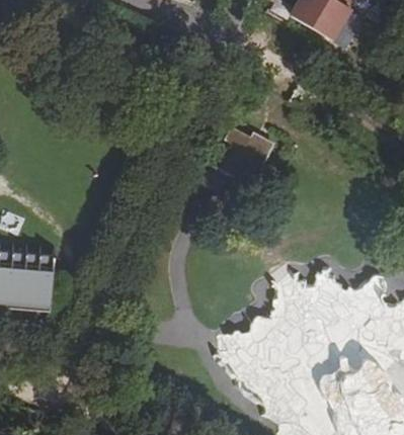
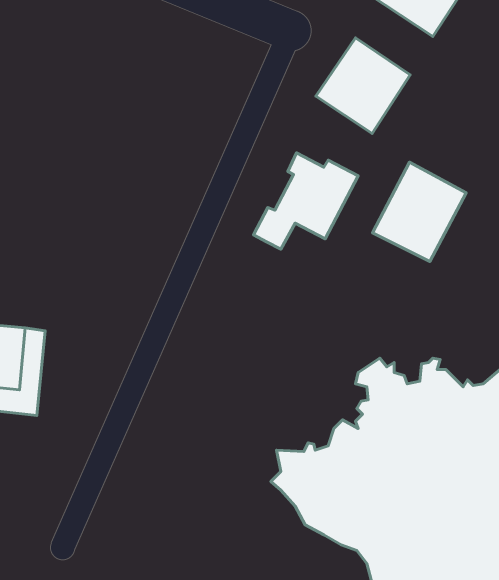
building: none -> [316,38,410,134]
building: none -> [373,162,466,261]

